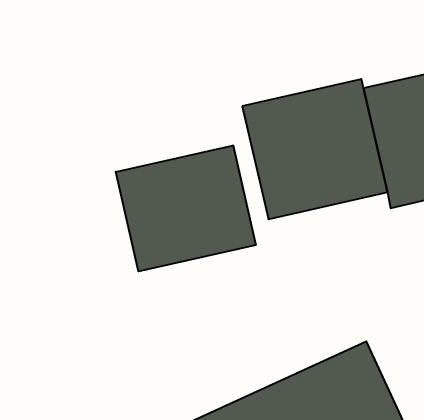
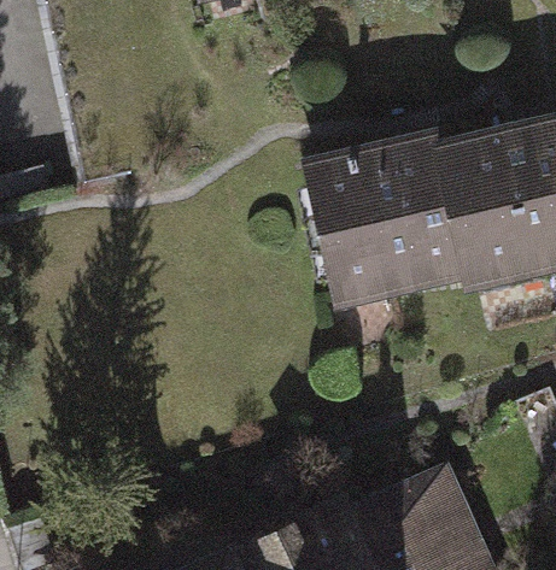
building: [116,145,256,271] -> none

